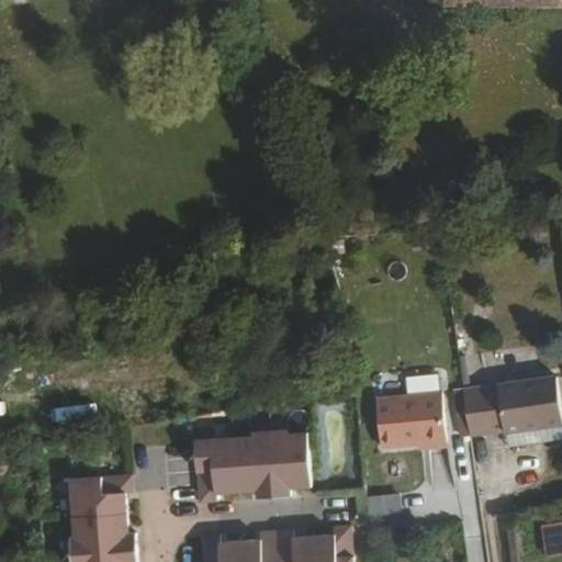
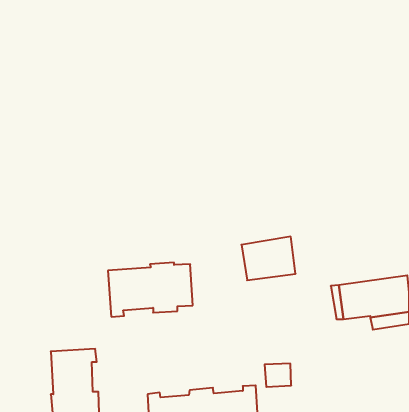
building: [373,392,447,451] -> [241,237,296,280]
building: [193,429,308,503] -> [108,263,193,317]

